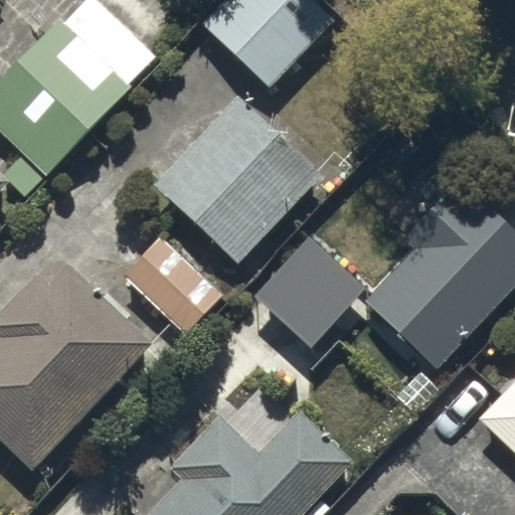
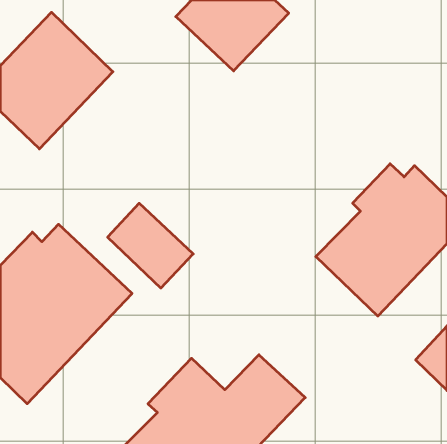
building: [154,96,321,263] -> none
building: [254,236,364,346] -> none

